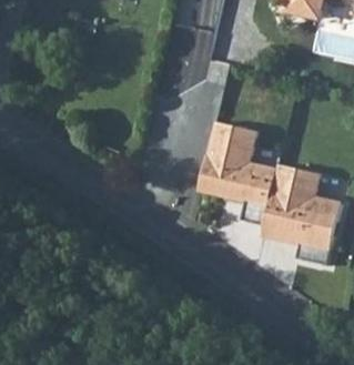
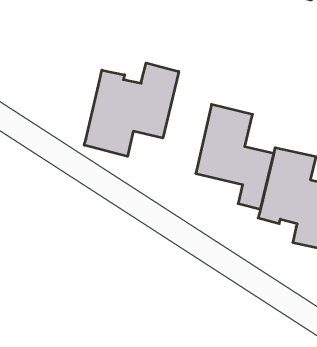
building: none -> [84,63,179,156]

